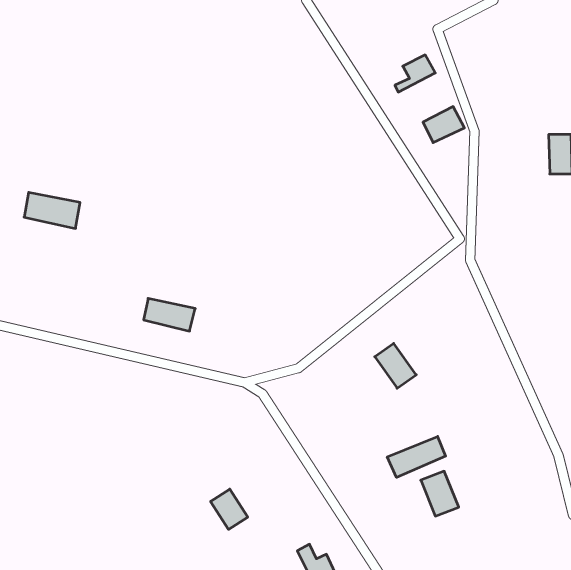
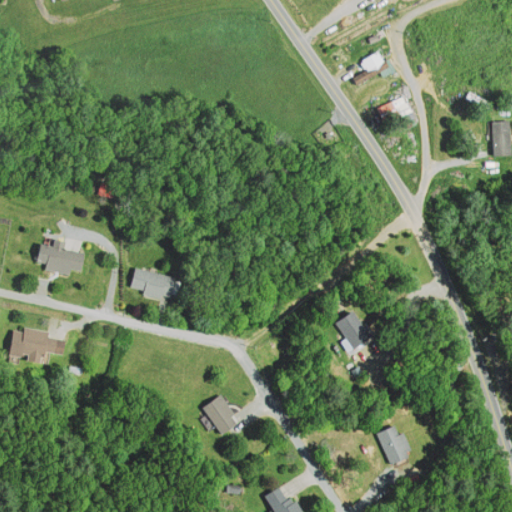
building: [24,192,80,228] -> [34,244,84,276]
building: none -> [7,331,64,364]
building: [387,436,446,477] -> none
building: [211,489,248,529] -> [204,395,237,431]

